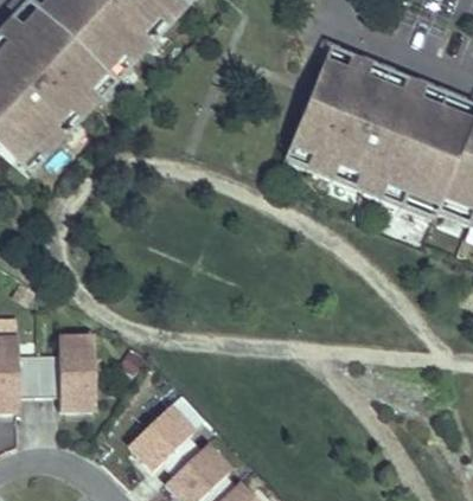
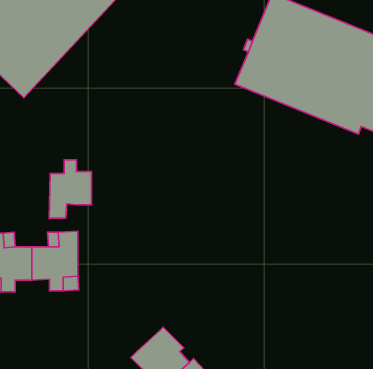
building: none -> [49,160,91,218]
building: [123,410,196,478] -> none

